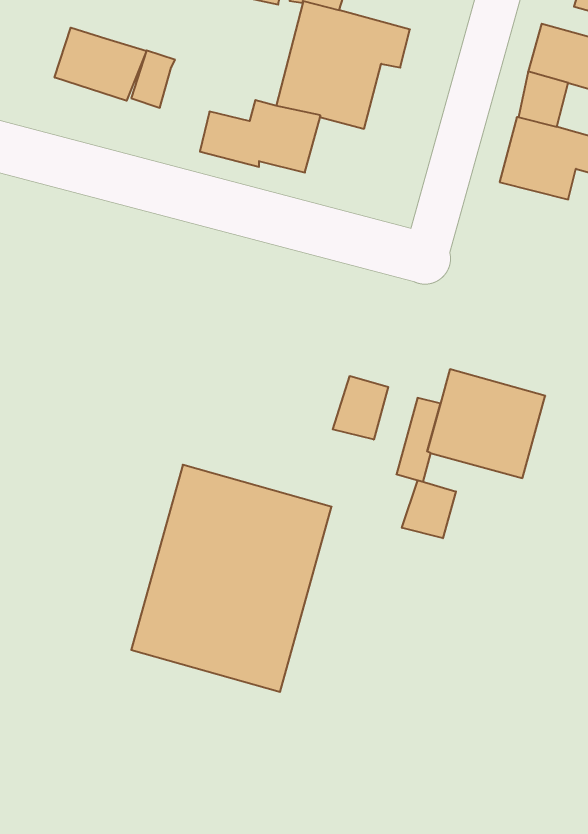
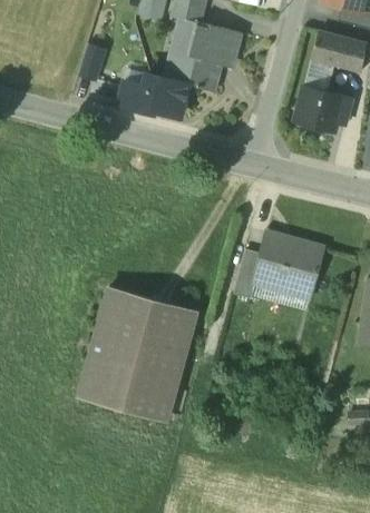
building: [55,28,146,101] -> none
building: [333,376,388,440] -> none
building: [402,480,456,538] -> none

